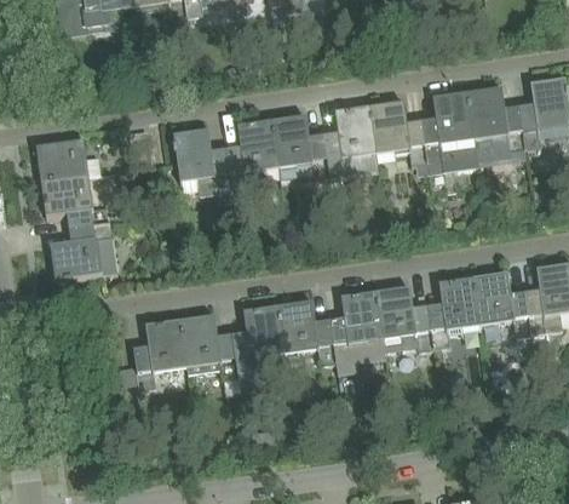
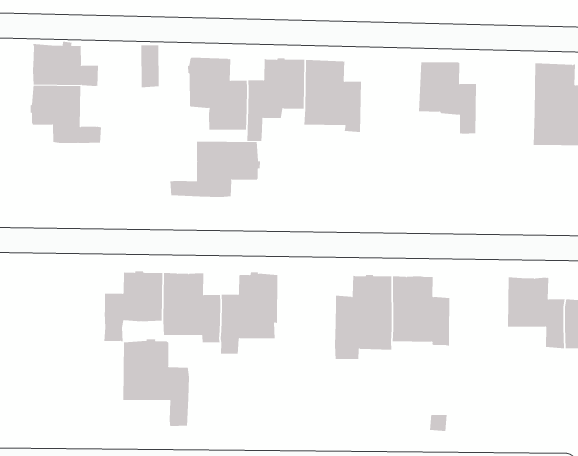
building: [420,92,476,166] -> none
building: [322,107,378,174] -> none
building: none -> [170,141,260,198]
building: [52,218,116,277] -> none
building: [426,277,479,344] -> none
building: [277,300,334,361] -> none
building: none -> [123,339,190,427]

